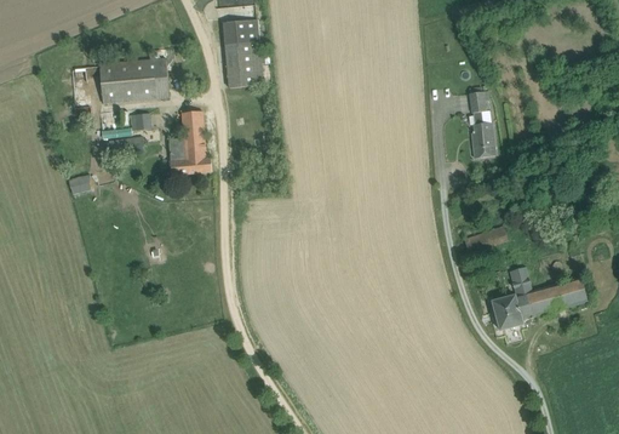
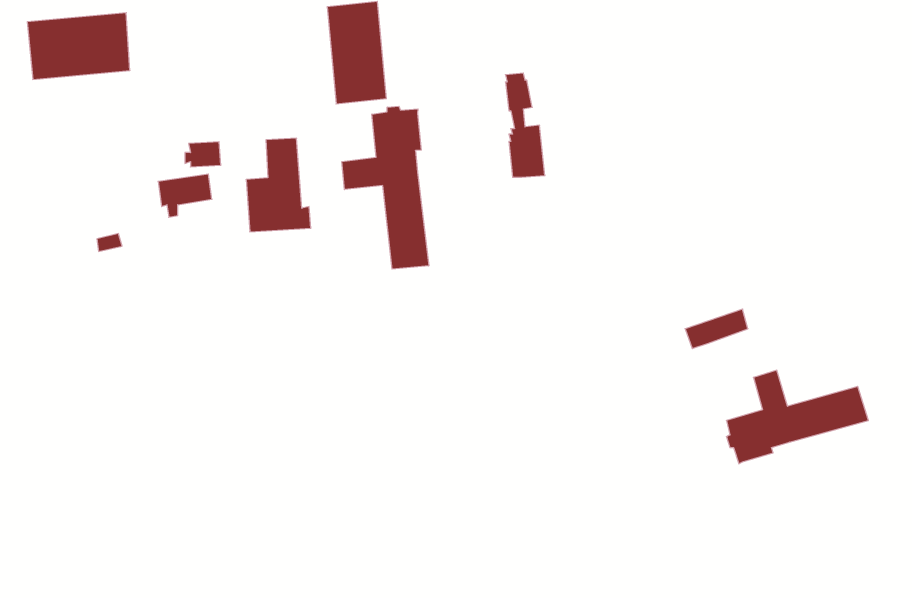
building: [99,57,168,102] -> [27,13,130,79]
building: [469,86,495,156] -> [505,73,545,177]
building: none -> [342,106,429,269]

